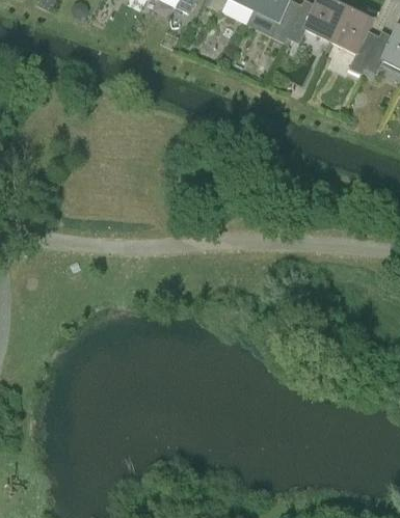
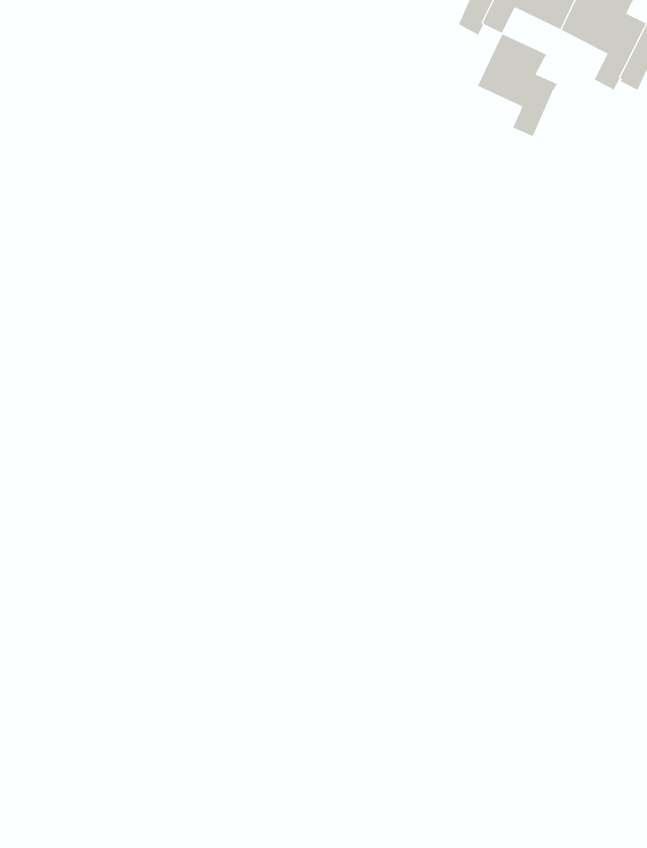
building: none -> [477,34,558,136]

